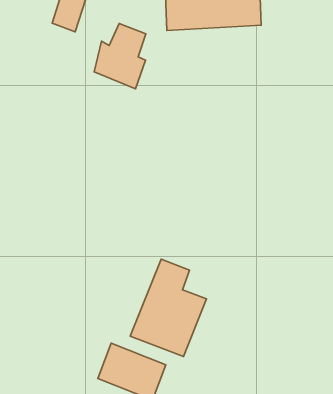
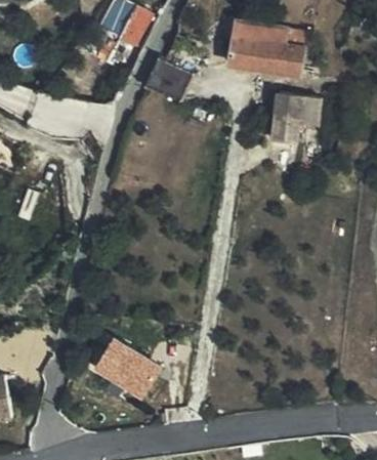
building: none -> [275,93,327,148]
building: [130,259,207,357] -> none

